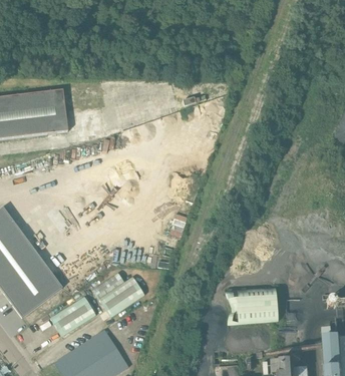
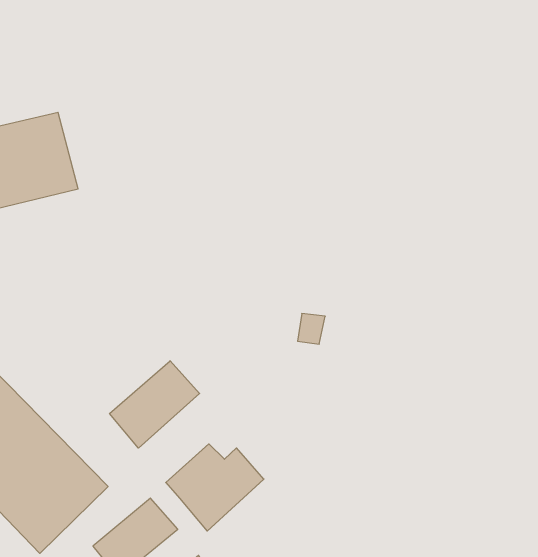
building: none -> [110,361,200,448]
building: [226,287,274,323] -> none

